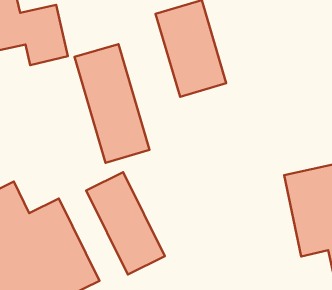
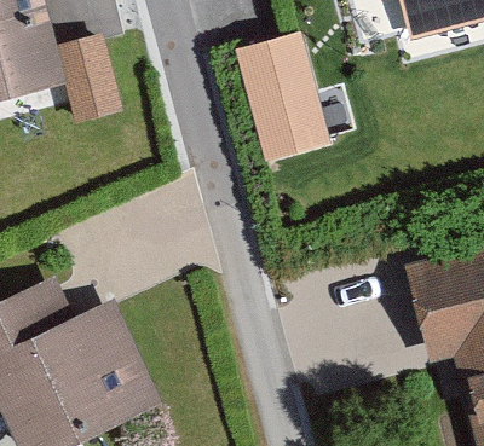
building: [74,44,149,163] -> none
building: [86,172,165,275] -> none

